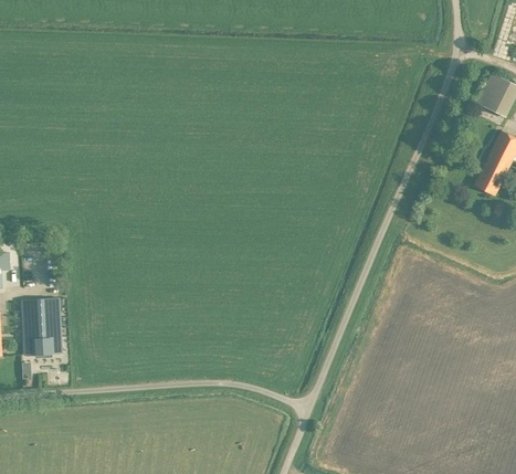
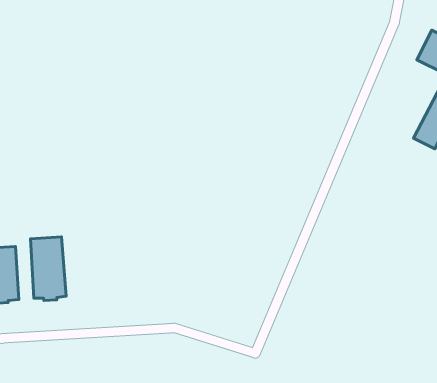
building: none -> [30,237,66,300]

